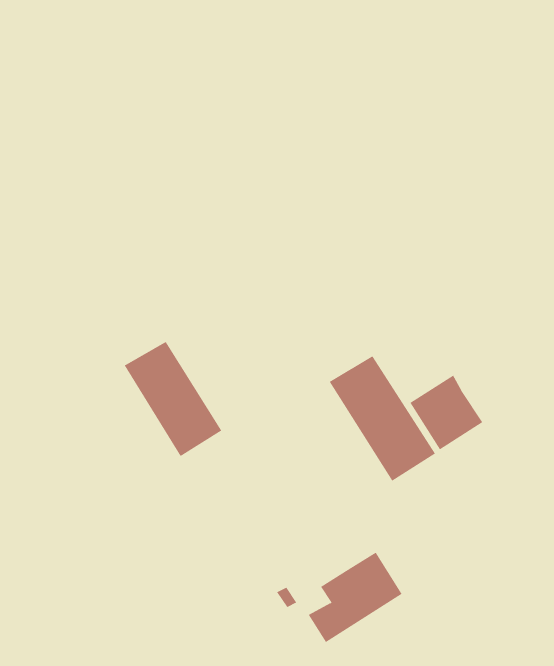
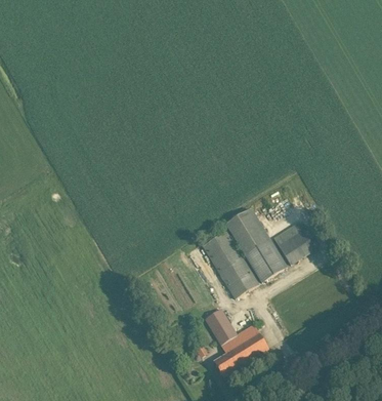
building: [124,341,222,457] -> [201,232,258,299]
building: none -> [204,309,236,345]

